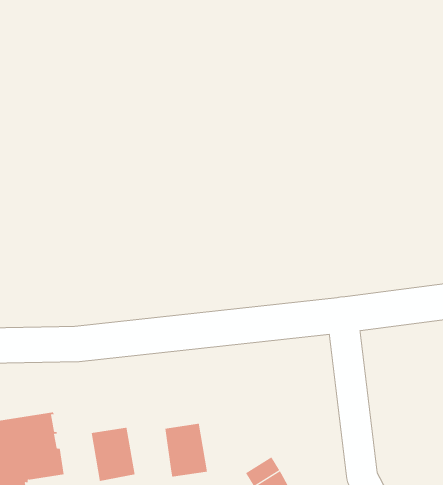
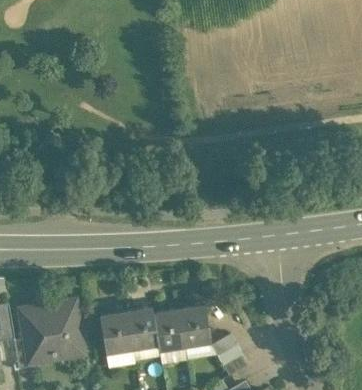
building: none -> [179,307,211,346]
building: none -> [127,309,158,348]

